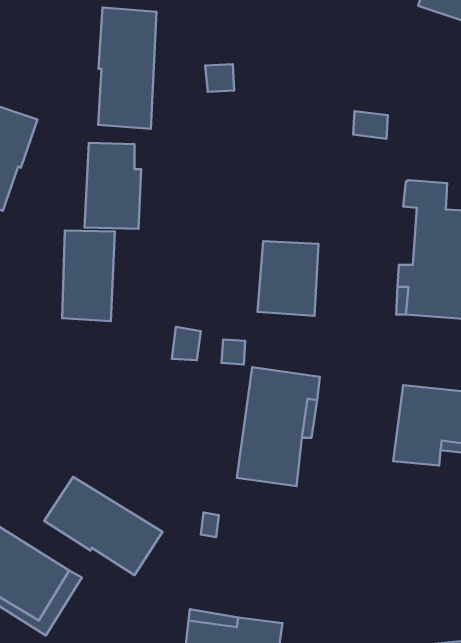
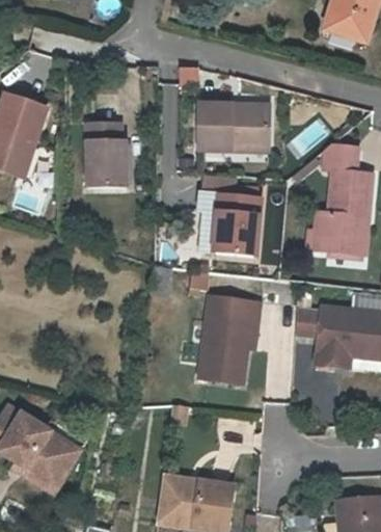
building: [98,7,156,129] -> none
building: none -> [196,106,268,153]
building: [62,230,115,321] -> none
building: [44,477,162,575] -> none

